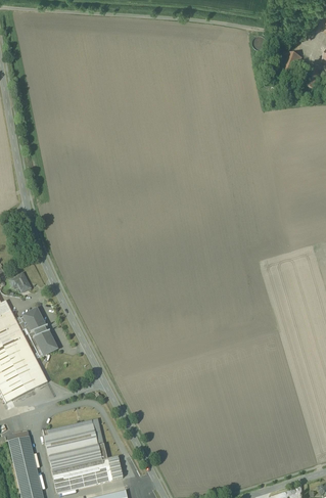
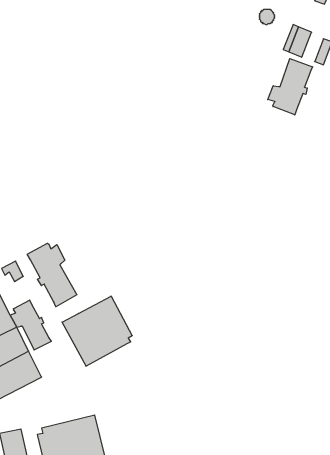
building: none -> [268,59,313,115]
building: none -> [27,243,77,307]
building: none -> [62,296,132,366]

